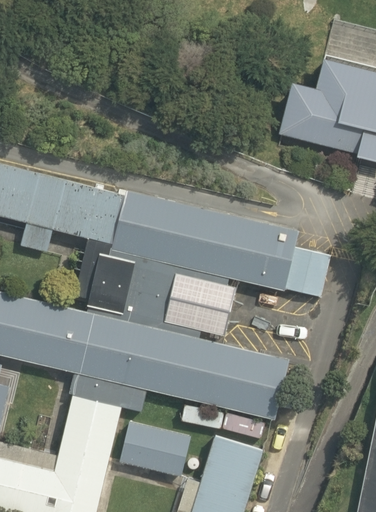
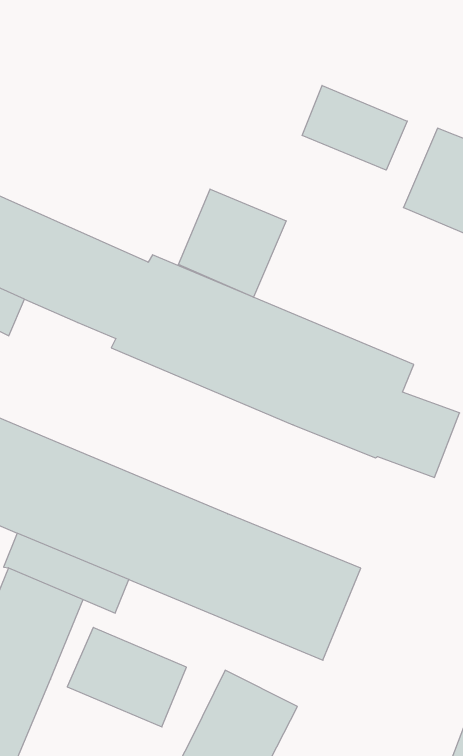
building: none -> [302,85,407,170]
building: none -> [178,189,286,297]
building: [75,238,231,340] -> none

